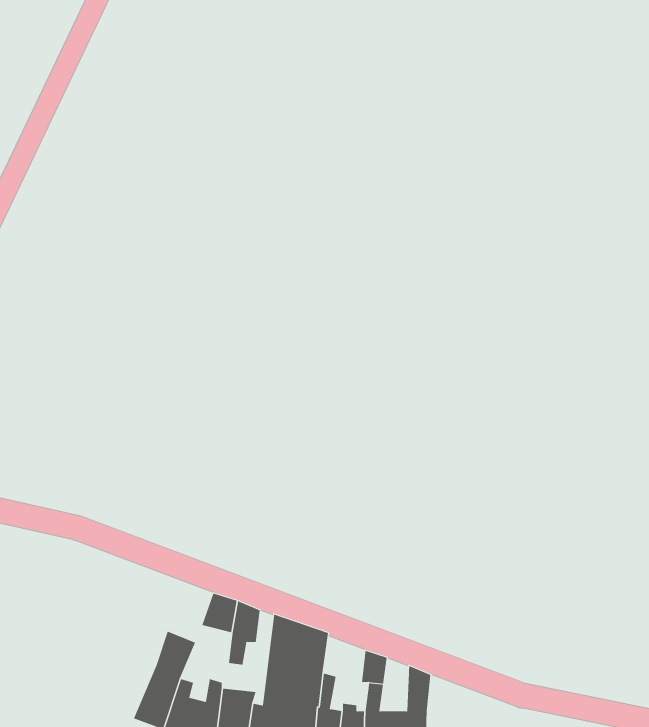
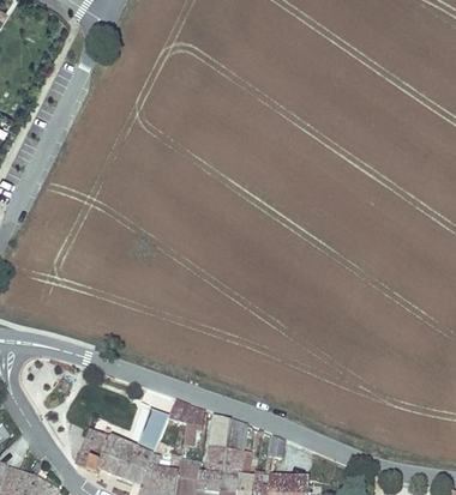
building: none -> [77,427,140,477]

